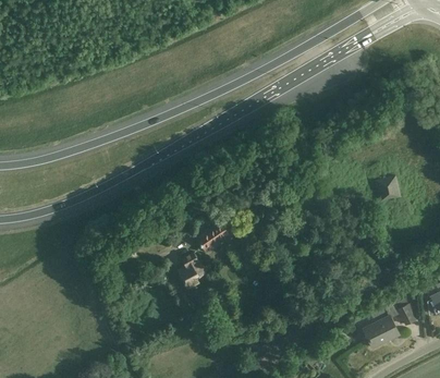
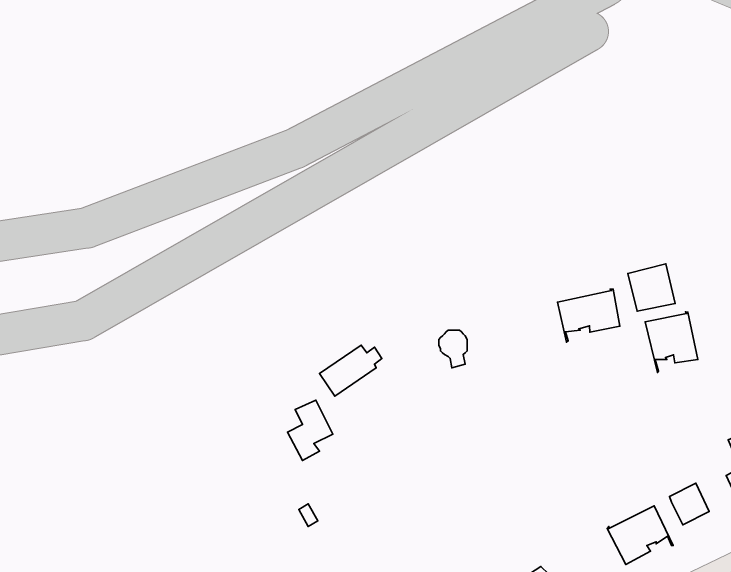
building: none -> [557,289,620,342]
building: none -> [645,312,698,372]

